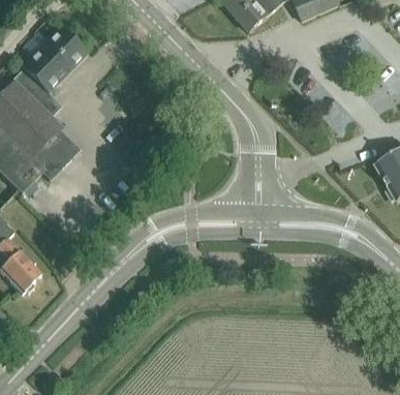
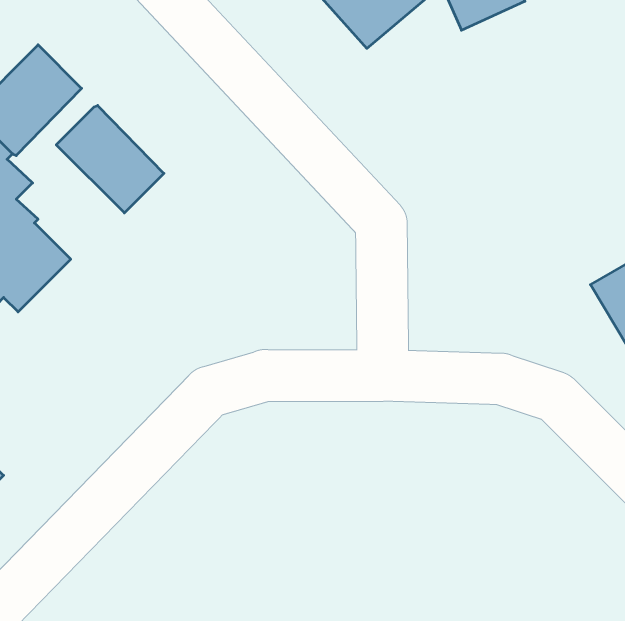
building: none -> [56,105,164,213]

